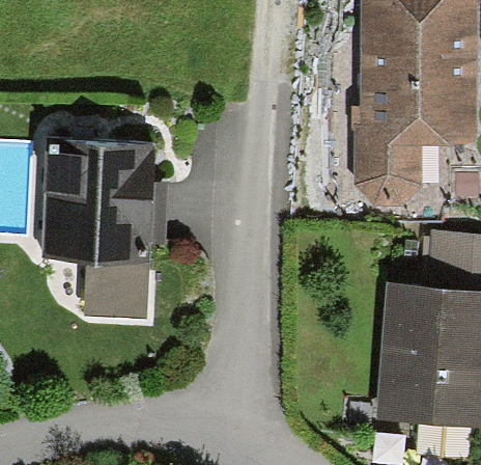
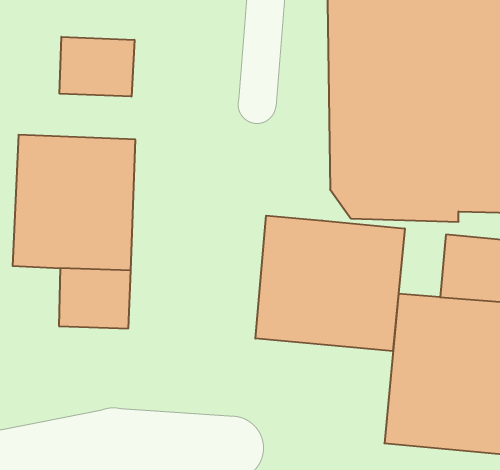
building: none -> [60,37,134,97]
building: none -> [255,216,405,351]

